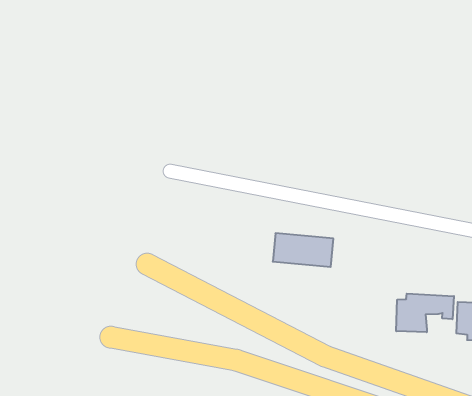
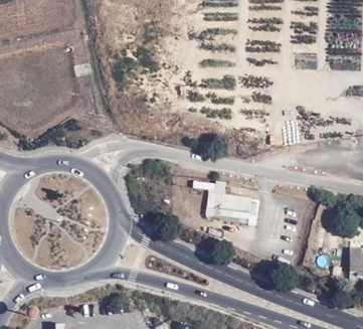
building: [396,294,454,332] -> none

